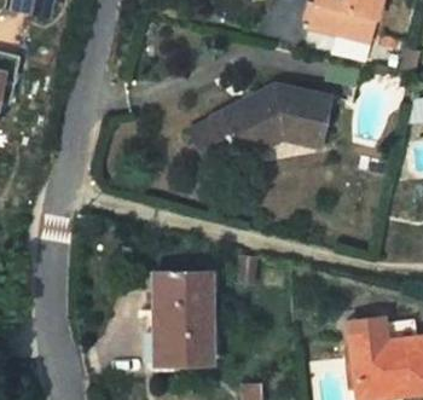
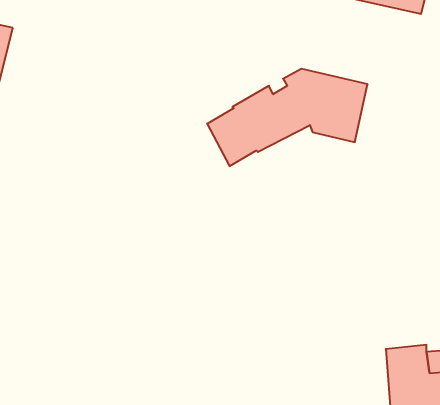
building: [150,276,207,365] -> none

